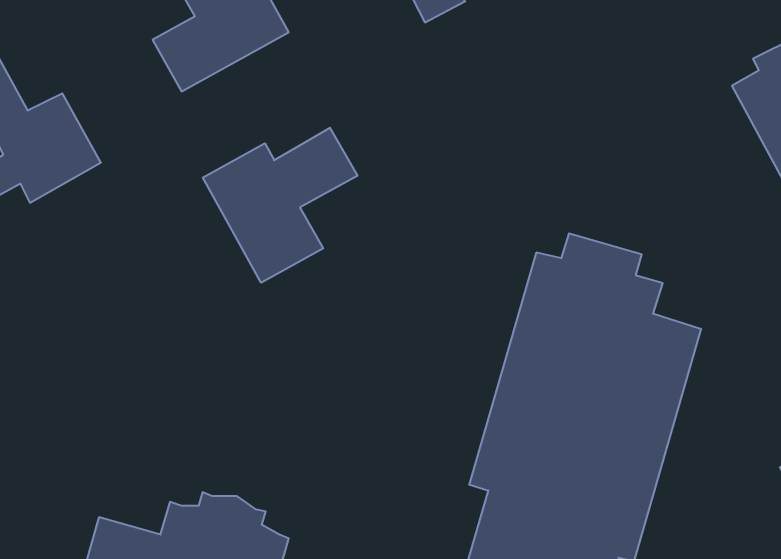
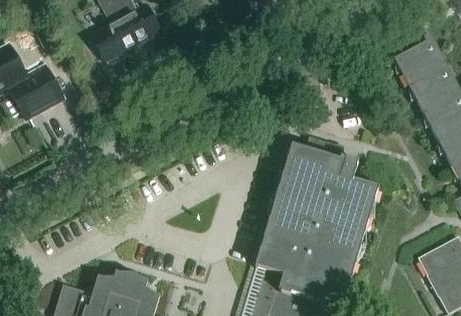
building: [203,128,357,283] -> none

